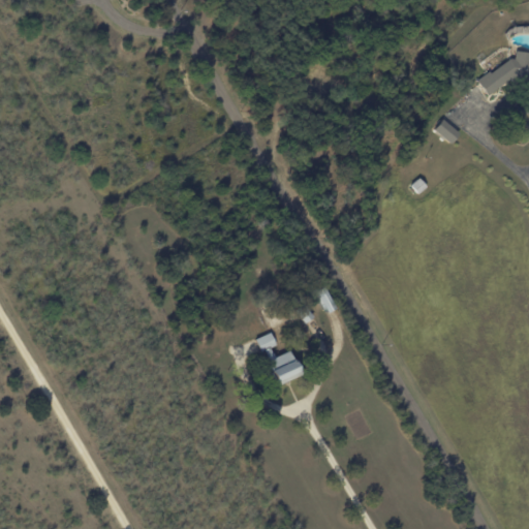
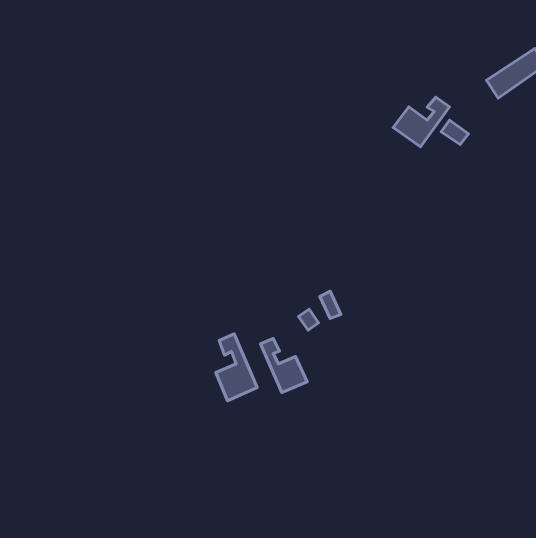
building: none -> [393,97,450,147]
building: none -> [216,334,257,401]

